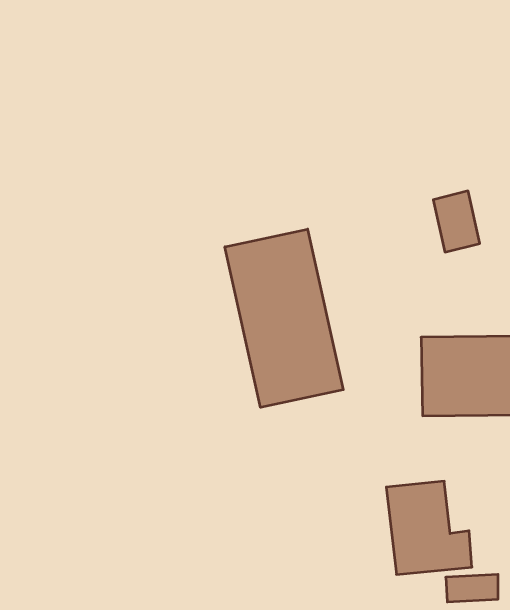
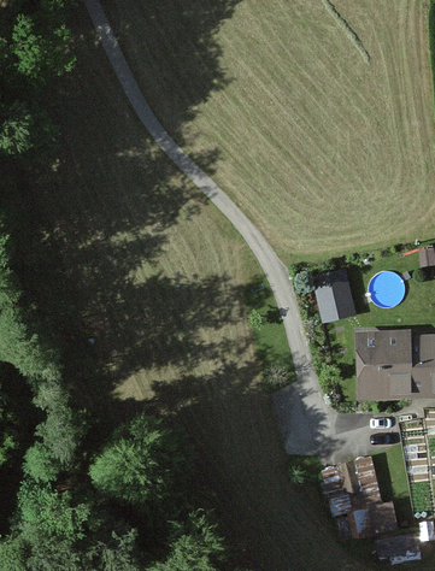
building: [433,191,480,252] -> [315,272,353,323]
building: [225,229,343,407] -> none

